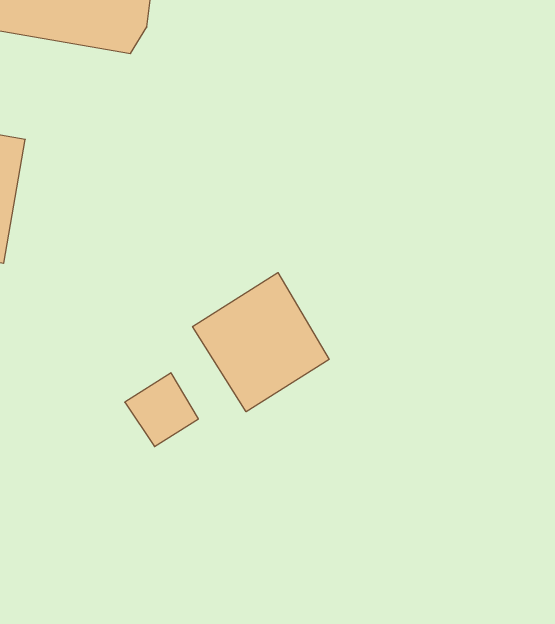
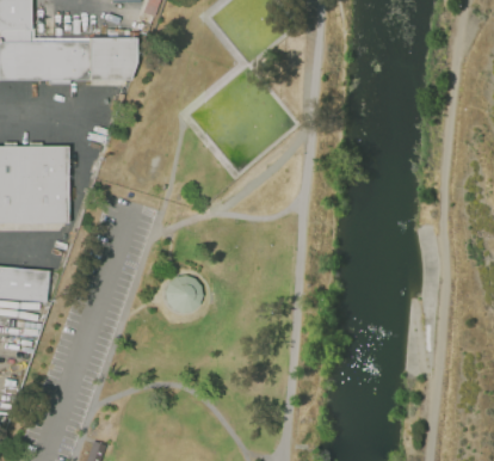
building: [193,273,329,412] -> none

